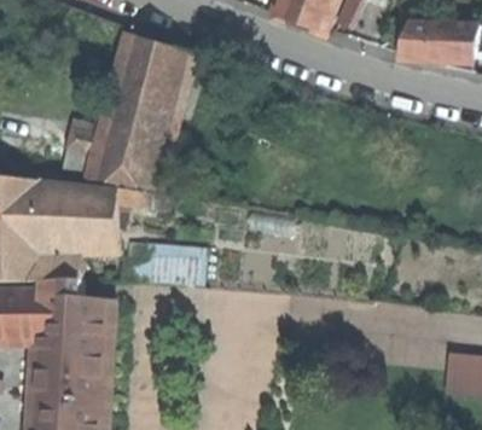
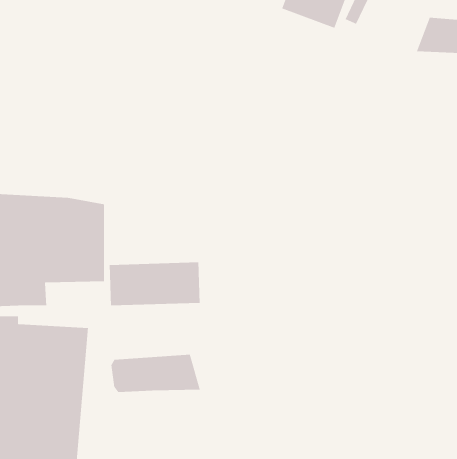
building: [64,34,191,188] -> none
building: none -> [111,354,201,393]

